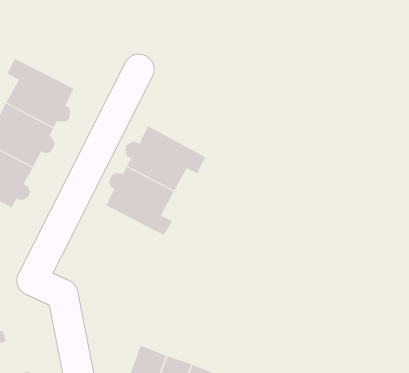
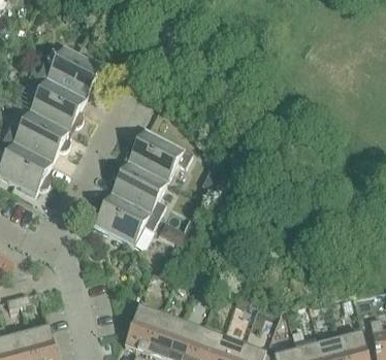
building: none -> [37,43,104,97]
building: none -> [93,192,159,246]

